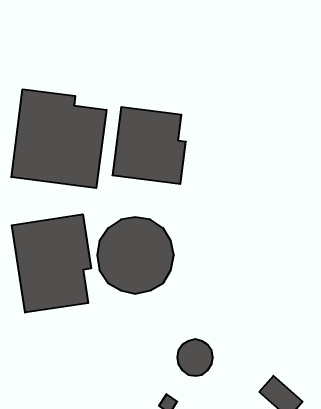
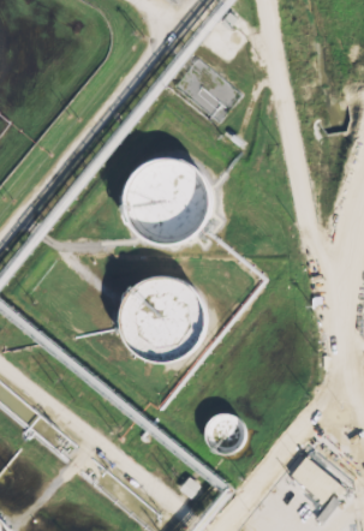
building: [11,89,106,188] -> none
building: [12,214,91,313] -> none

